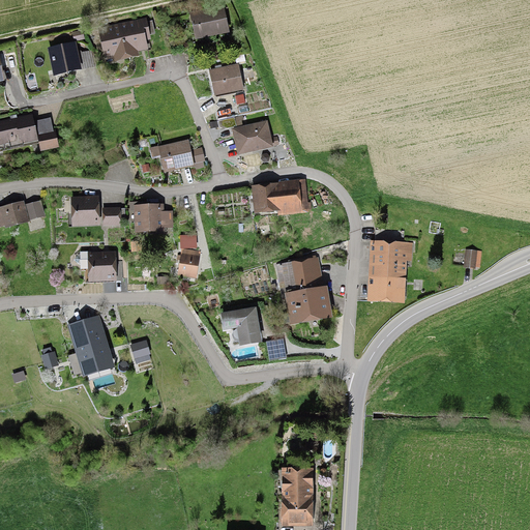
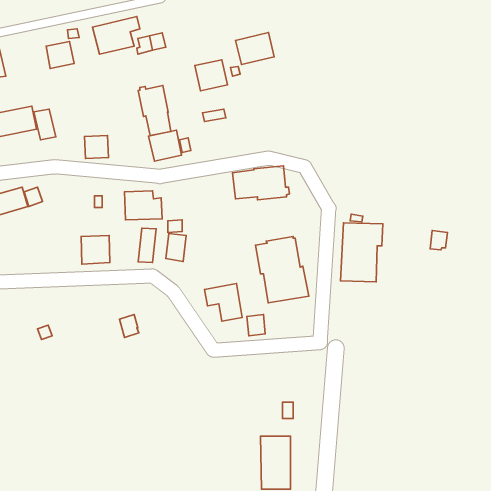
building: [189,5,231,39] -> [236,33,274,64]
building: none -> [138,85,171,135]
building: [232,122,272,155] -> none
building: [69,197,95,222] -> [84,135,109,159]
building: none -> [138,228,156,262]
building: [69,317,109,371] -> none

